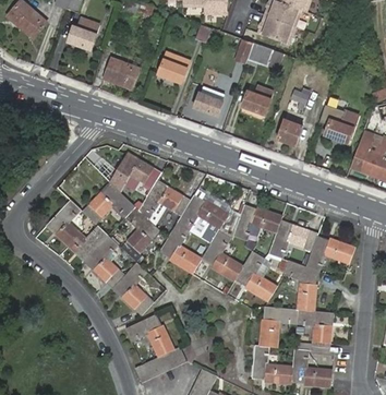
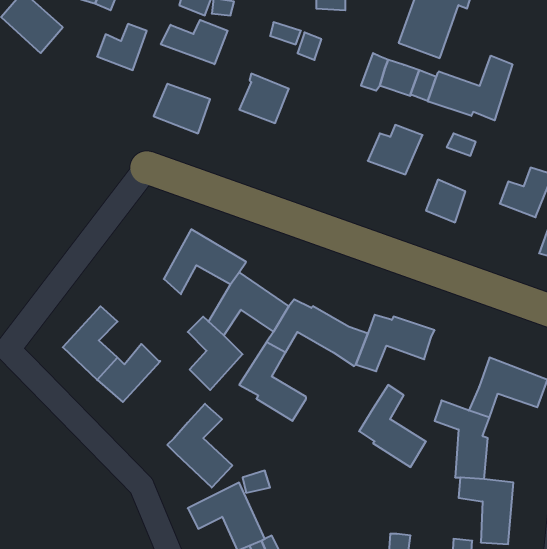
building: none -> [161,20,228,64]
building: none -> [428,56,512,120]
building: [194,85,222,117] -> none
building: [82,182,135,224] -> none
building: [268,219,317,258] -> none
building: [201,229,243,282] -> none
building: [84,235,125,288] -> none
building: [258,306,299,347] -> none

